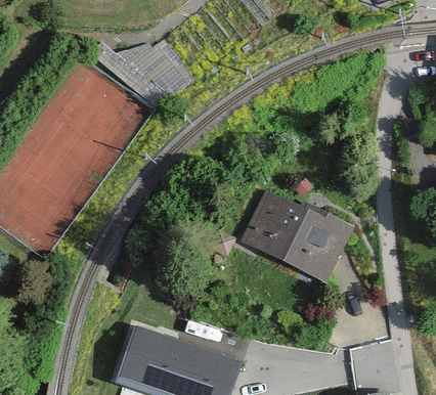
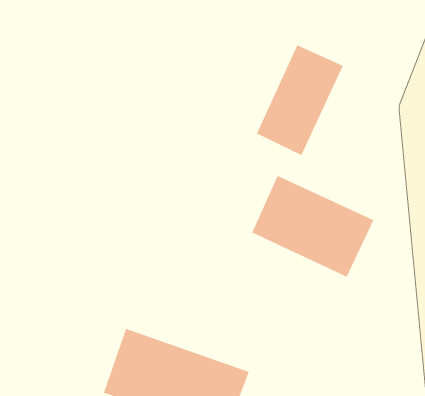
building: none -> [256,44,344,156]

